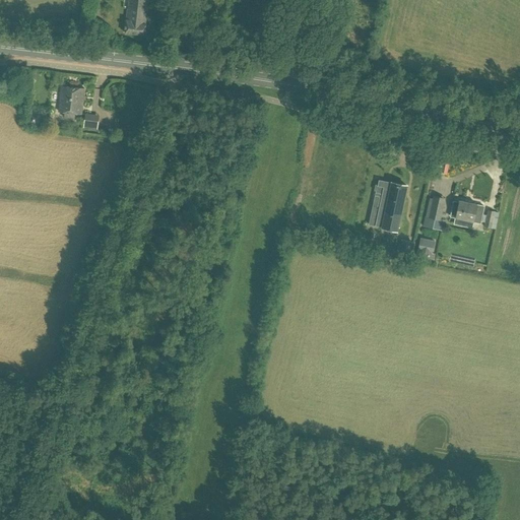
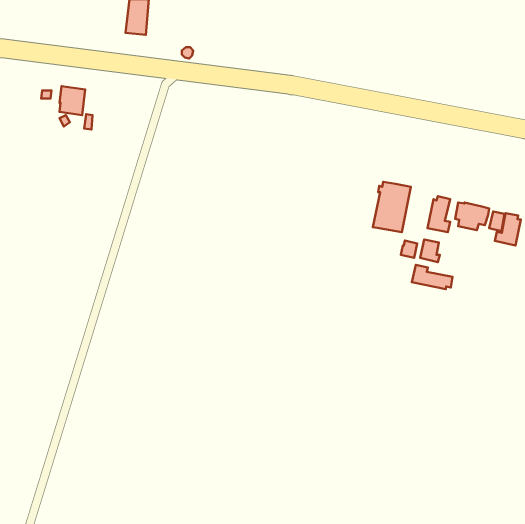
building: none -> [495,213,521,245]
building: none -> [412,265,453,289]

